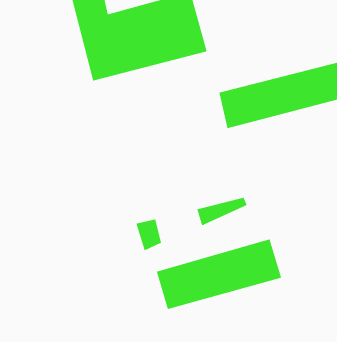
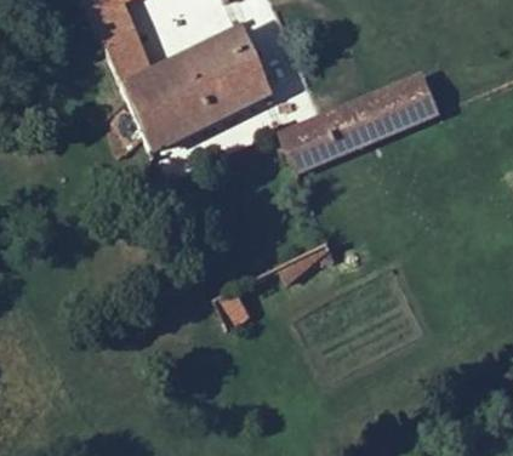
building: [156,239,282,310] -> none

